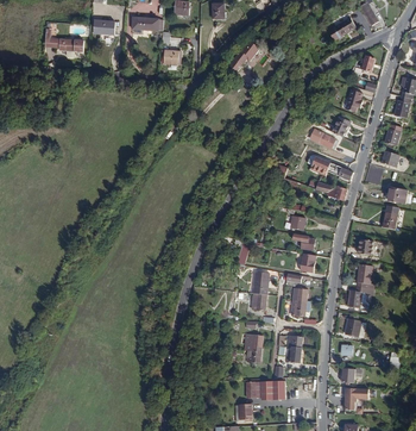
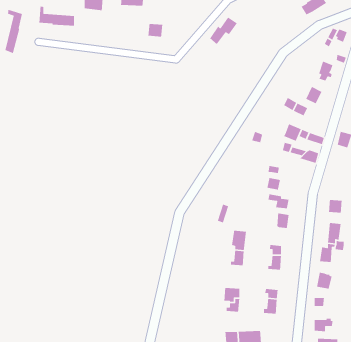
building: none -> [4,9,23,54]

